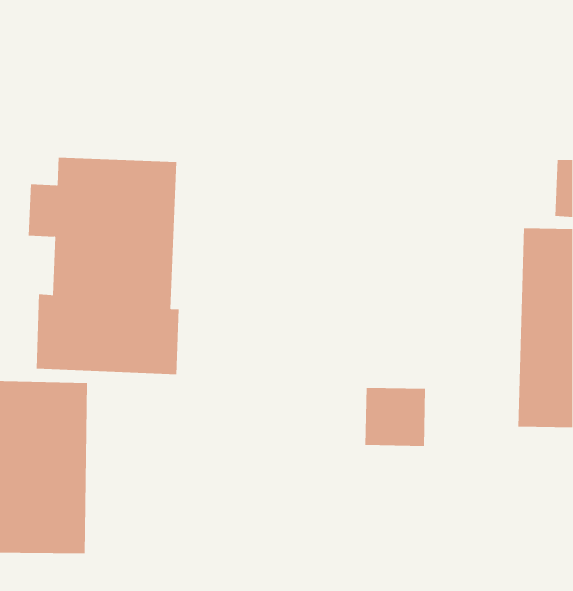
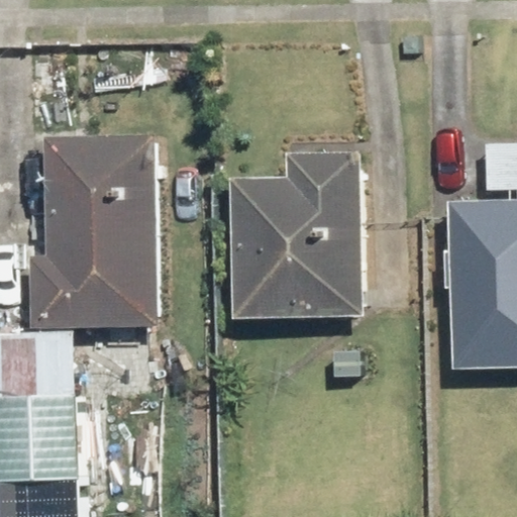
building: none -> [237,156,358,315]

